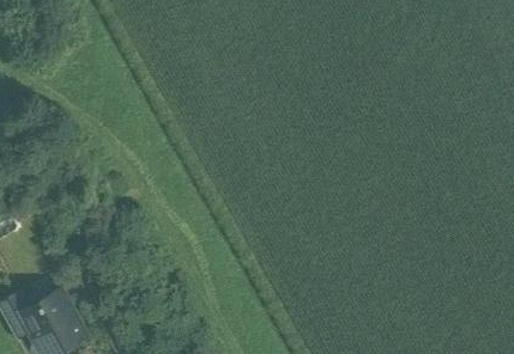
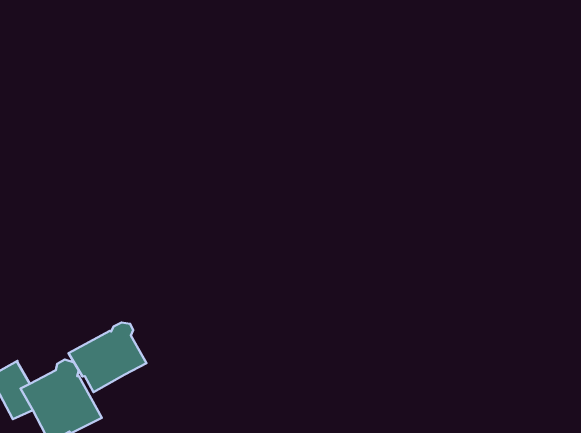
building: none -> [69,322,147,392]

